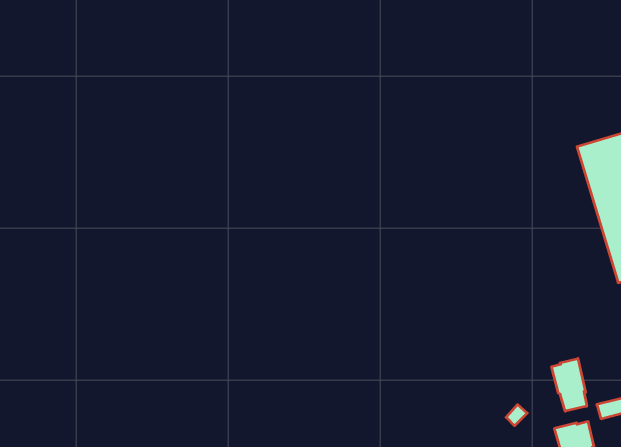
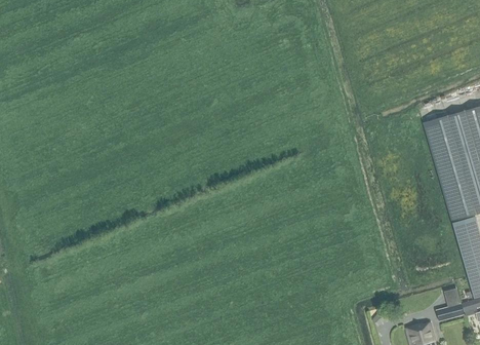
building: [552,358,587,411] -> none

